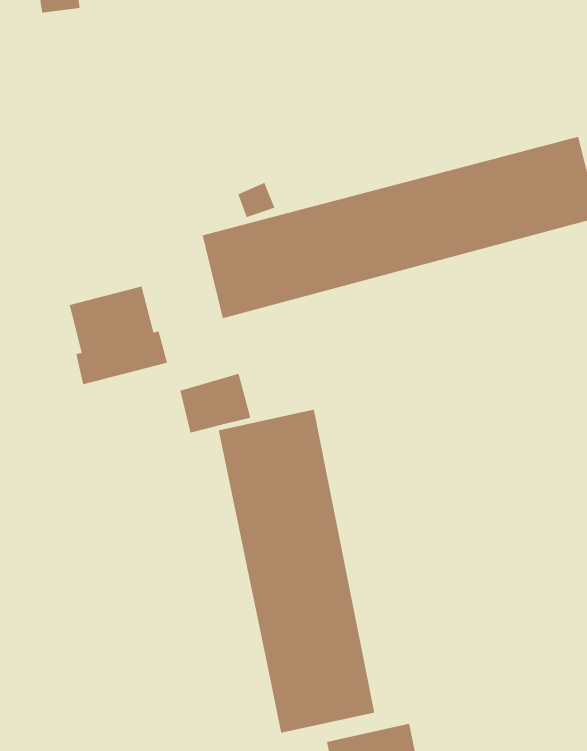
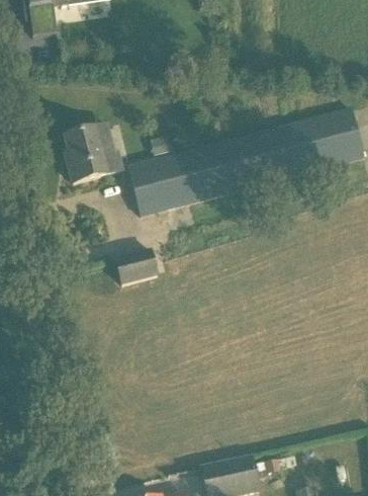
building: [69,286,168,385] -> [65,123,123,182]
building: [218,409,375,733] -> none

